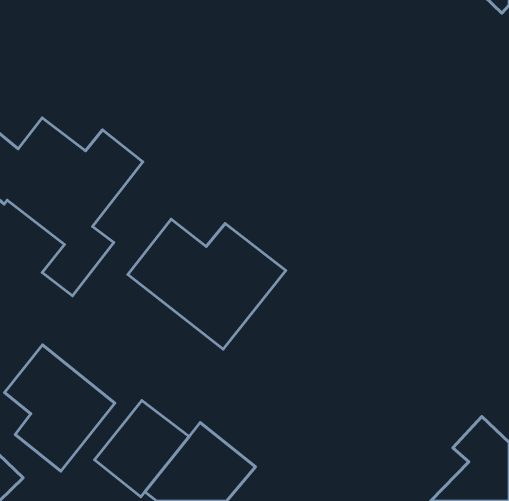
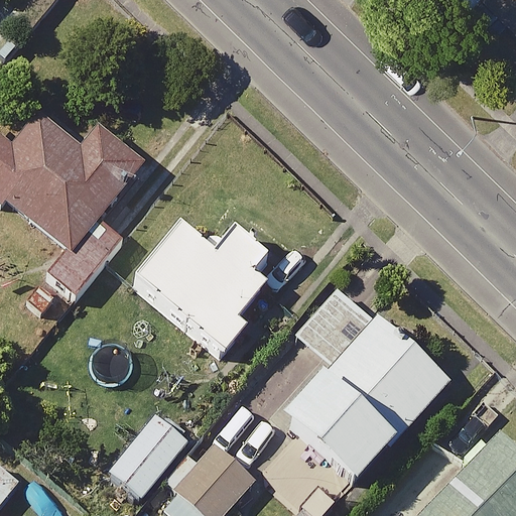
building: none -> [284,285,453,492]
building: [4,345,115,471] -> none

